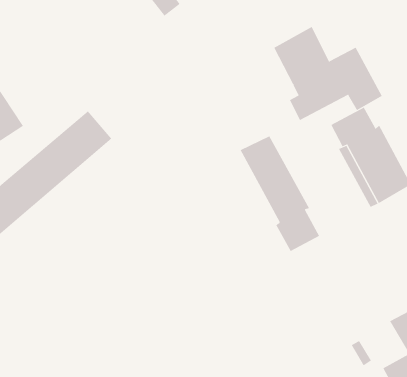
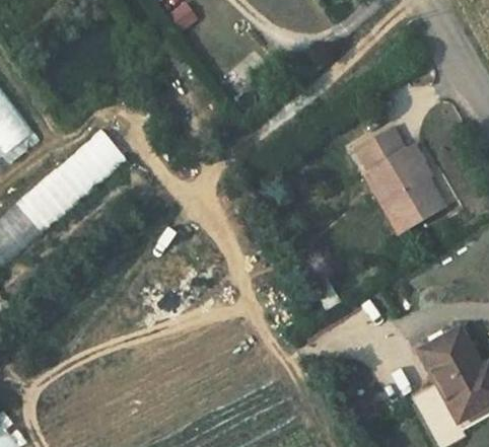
building: [274,26,383,121] -> none
building: [240,136,320,252] -> none

